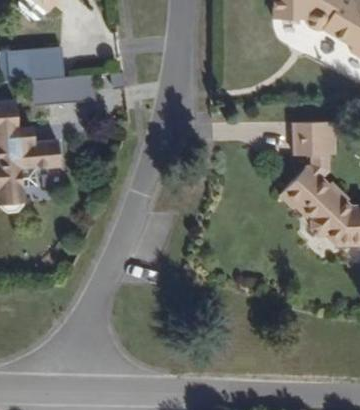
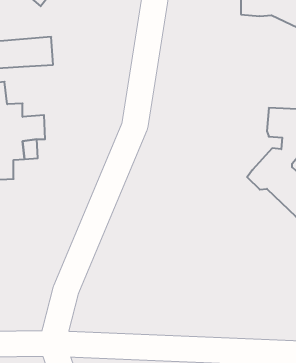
building: [32,74,96,103] -> none

